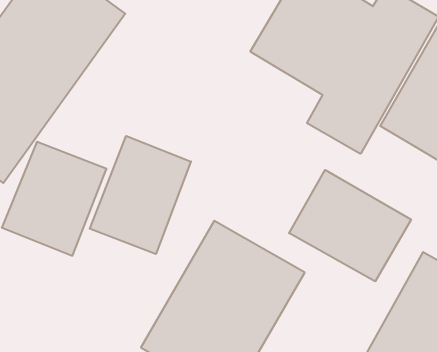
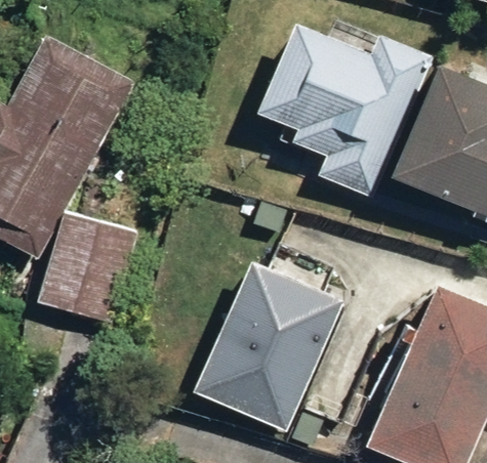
building: [90,136,191,254] -> none
building: [289,170,411,281] -> none

